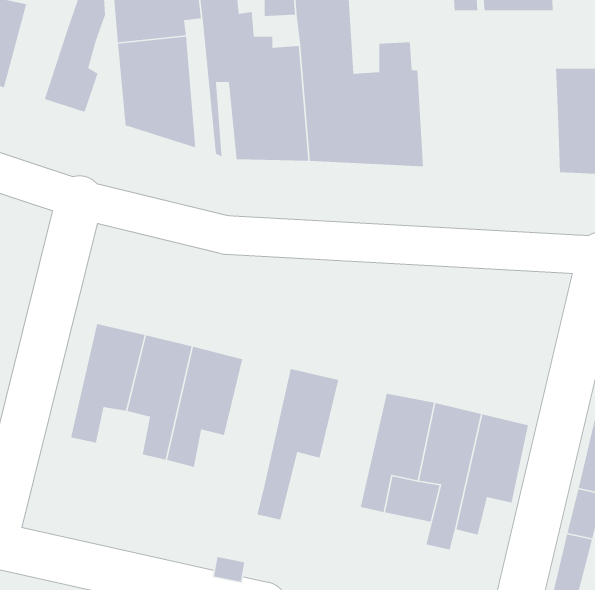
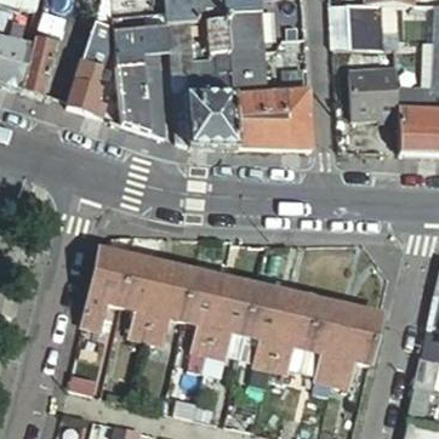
building: none -> [352,67,399,116]
building: none -> [184,272,227,353]
building: none -> [246,285,289,388]

